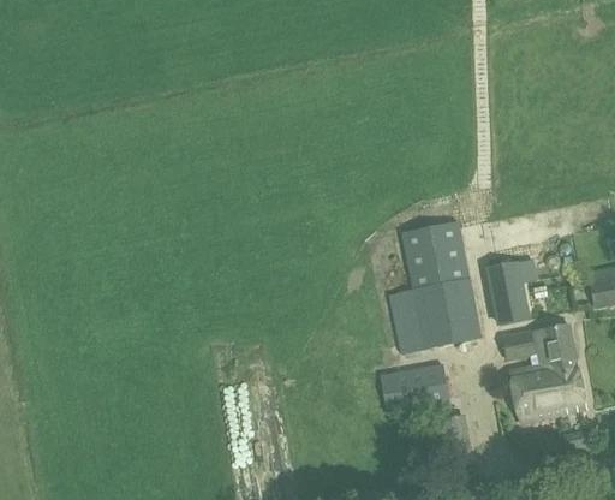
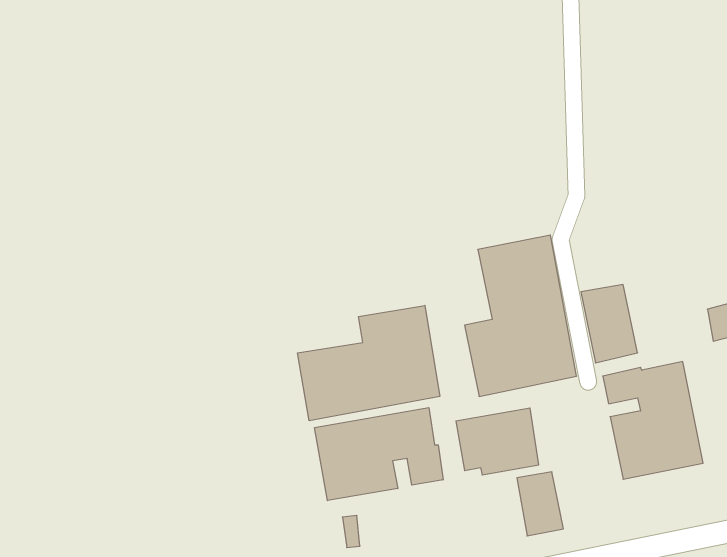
building: none -> [298,305,440,421]
building: none -> [315,408,443,501]

